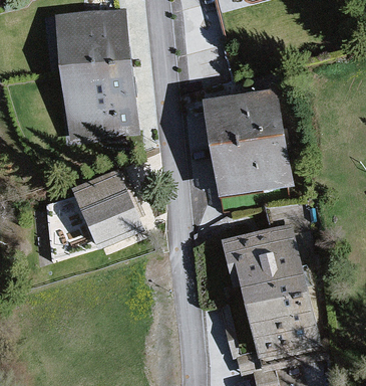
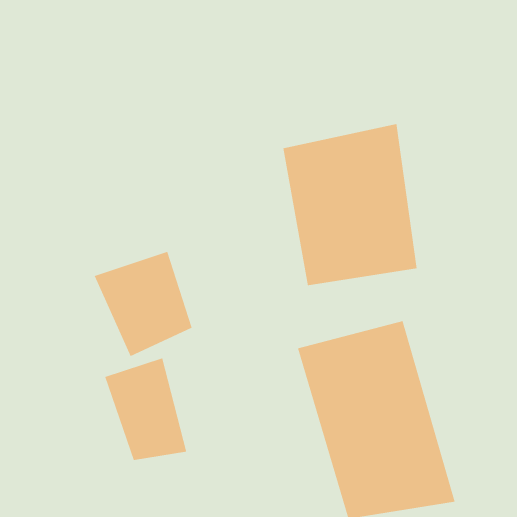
building: [60,8,136,126] -> none
building: none -> [104,357,187,461]

